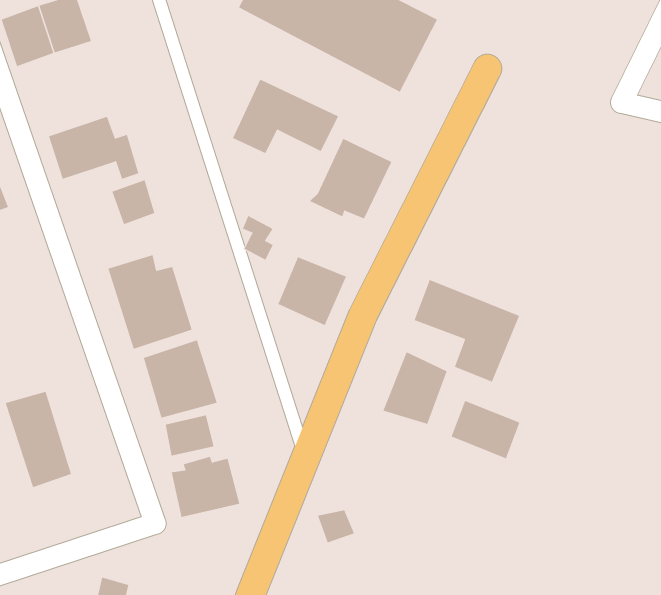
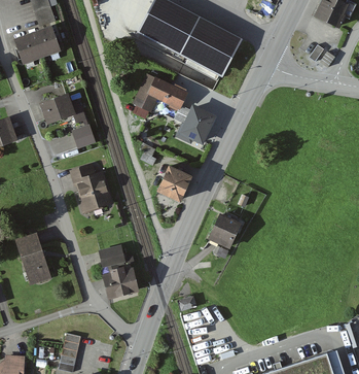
building: [414,279,520,383] -> none
building: [143,339,217,419] -> none
building: [451,400,520,459] -> none

